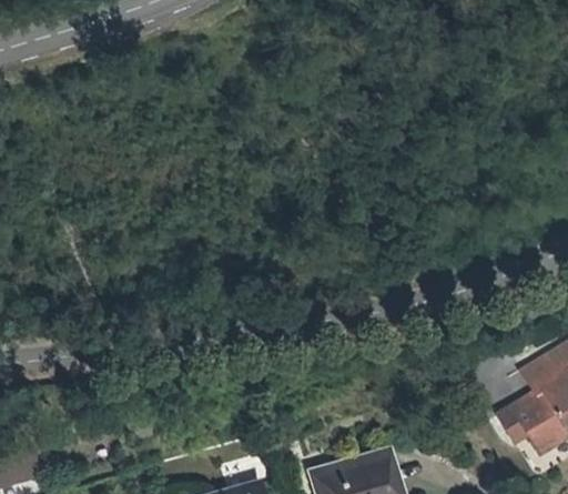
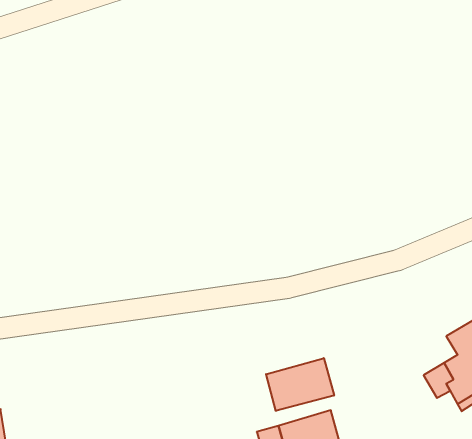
building: none -> [266,358,334,411]

